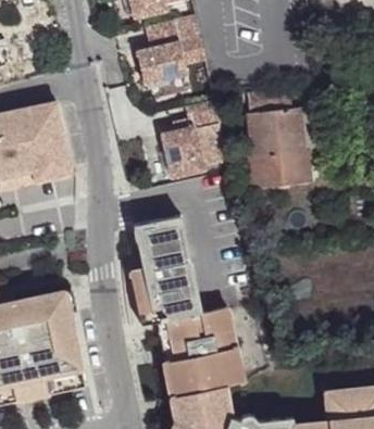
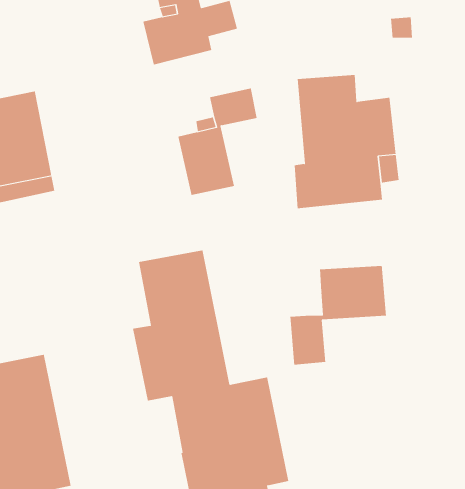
building: none -> [290,265,387,366]

